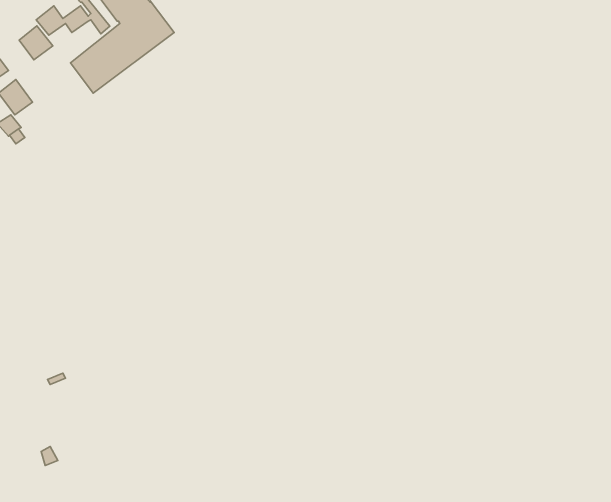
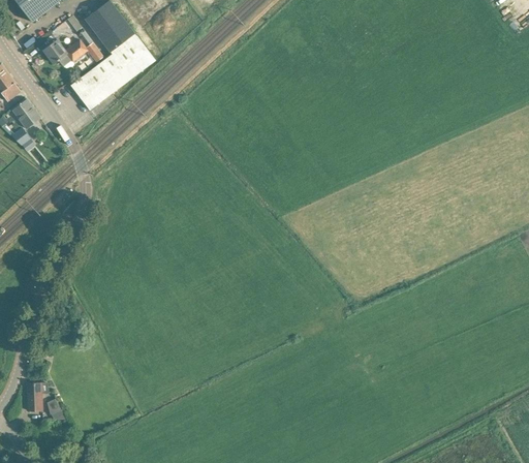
building: [19,26,53,60] -> none
building: none -> [27,382,41,410]

